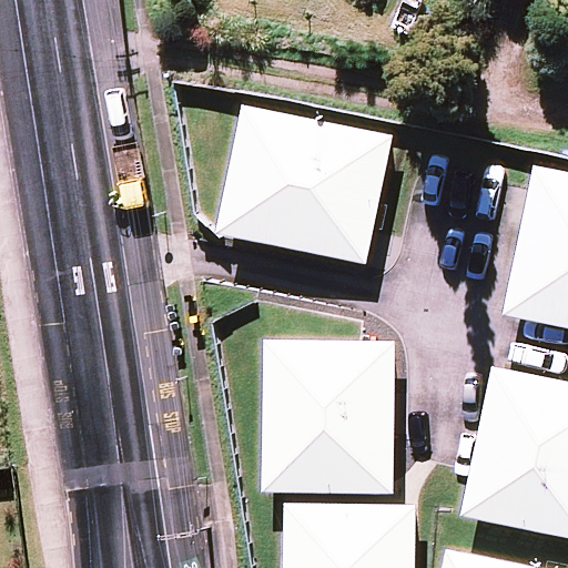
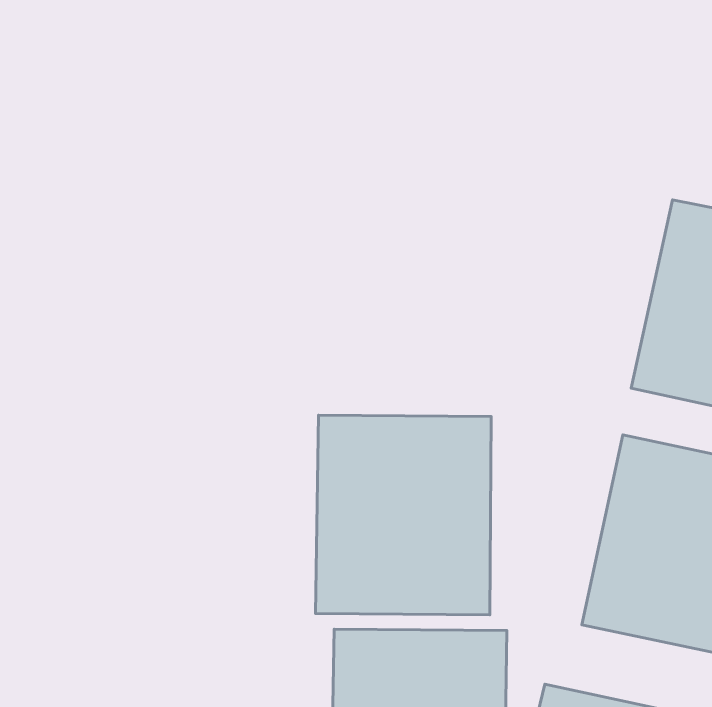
building: [205,99,396,271] -> none

